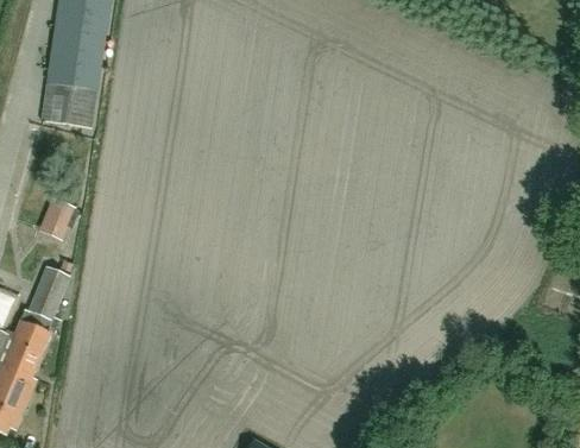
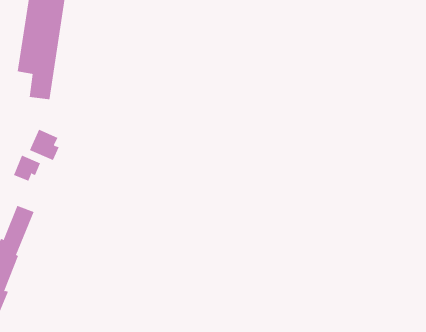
building: none -> [29,129,59,161]

